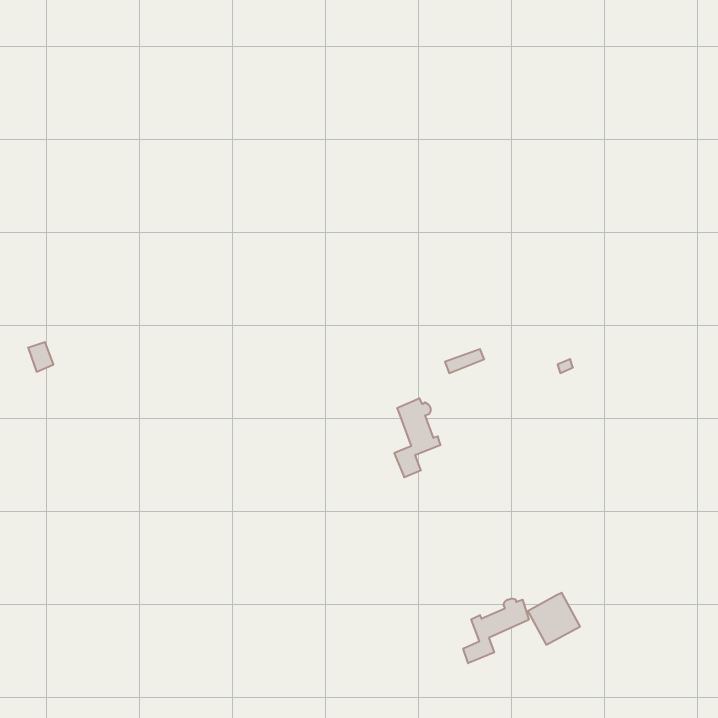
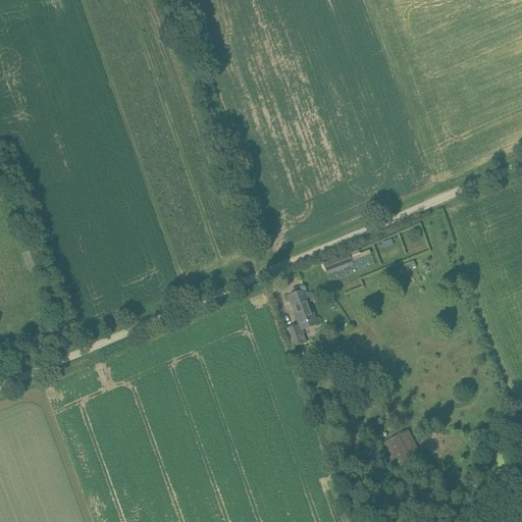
building: [463,599,529,663] -> none

